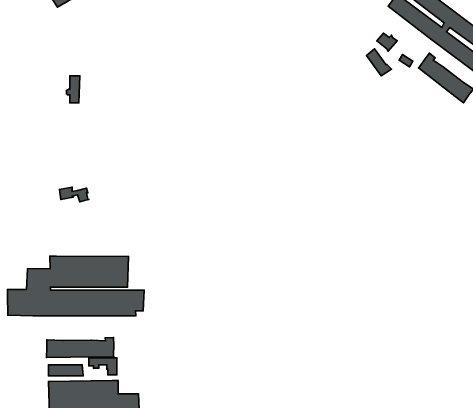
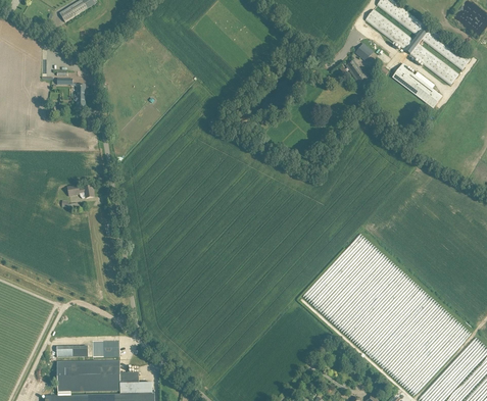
building: [7,256,144,316] -> none
building: [47,337,114,358] -> none

